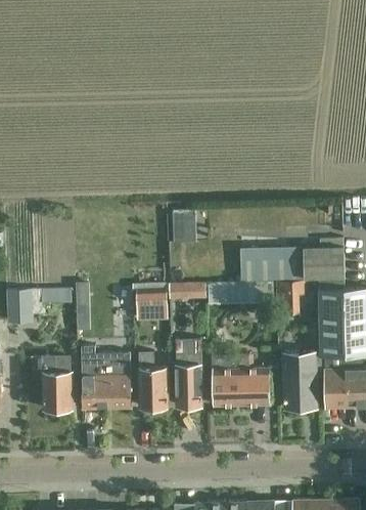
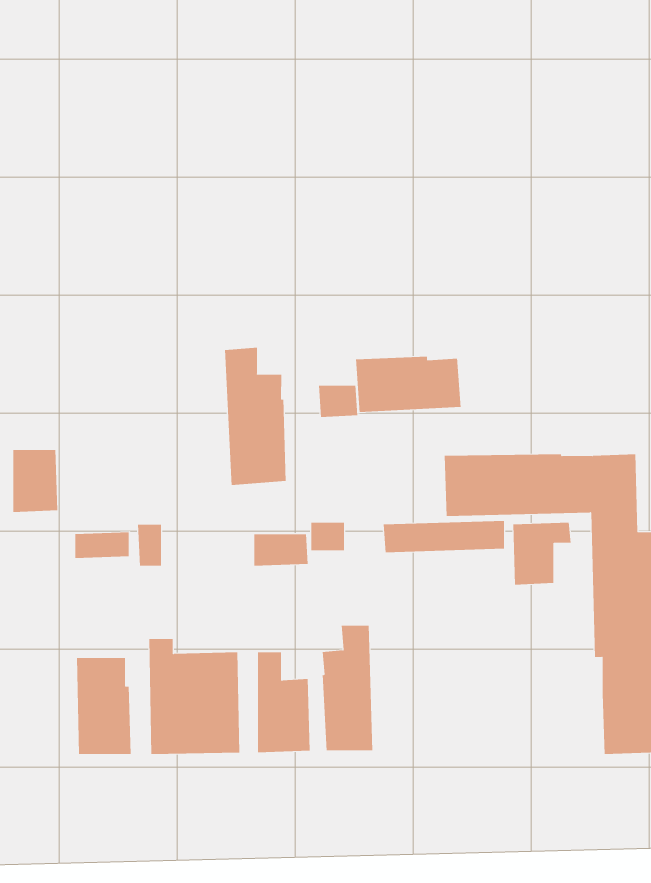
building: none -> [224,347,286,486]
building: none -> [355,356,461,413]
building: [7,289,32,323] -> [12,450,58,512]
building: [282,353,324,410] -> none
building: [212,356,269,408] -> none

